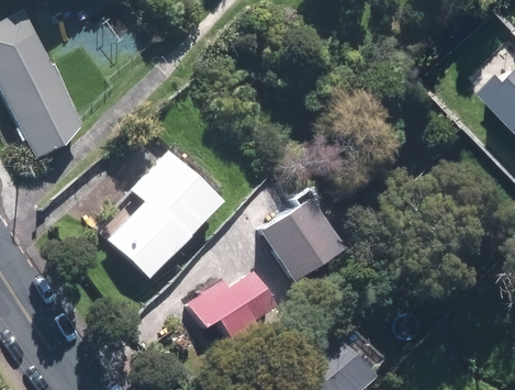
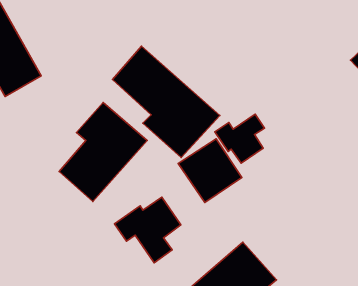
building: none -> [112,46,220,158]
building: none -> [215,114,264,163]

